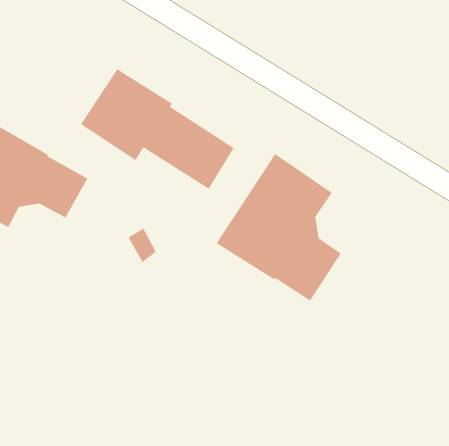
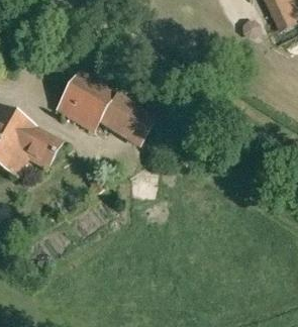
building: [216,153,341,301] -> none

